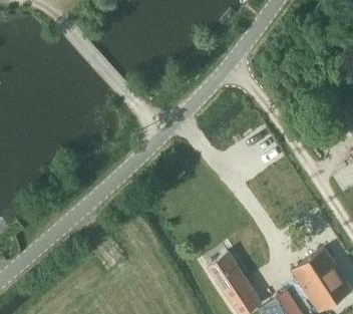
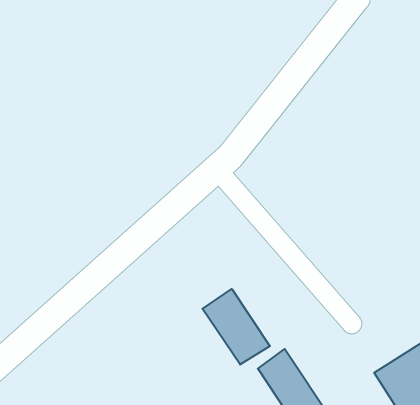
building: none -> [202,289,270,365]

